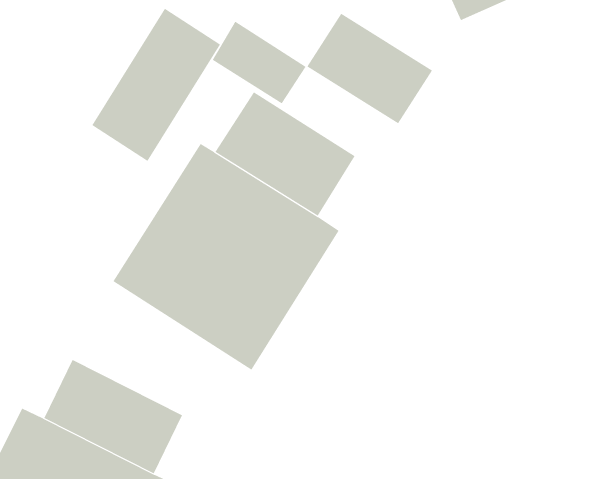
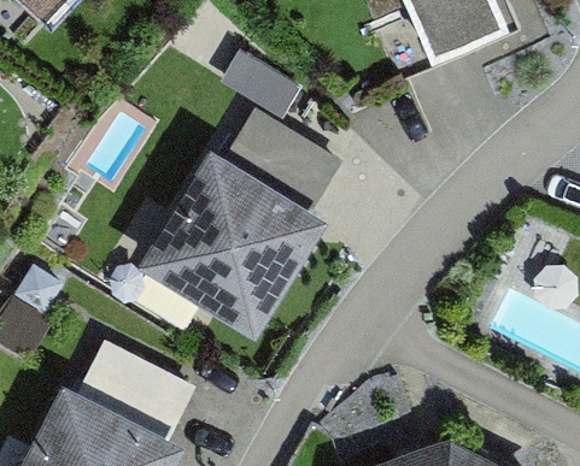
building: [91,8,221,162] -> none
building: [307,13,433,124] -> none

